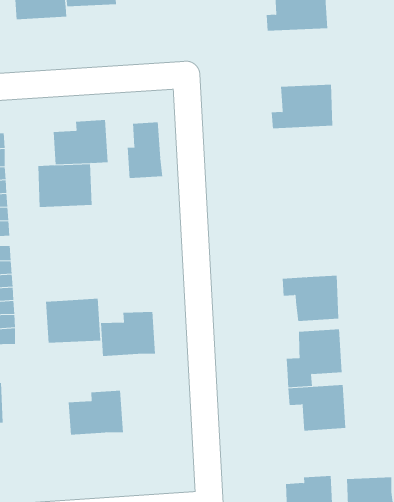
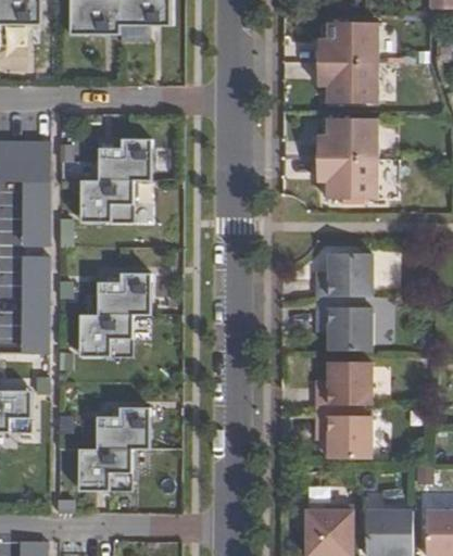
building: none -> [317,61,378,102]
building: [127,121,163,179] -> none
building: none -> [316,157,377,199]
building: none -> [316,251,372,306]
building: [100,312,156,357] -> [98,271,151,315]
building: none -> [78,447,133,490]

